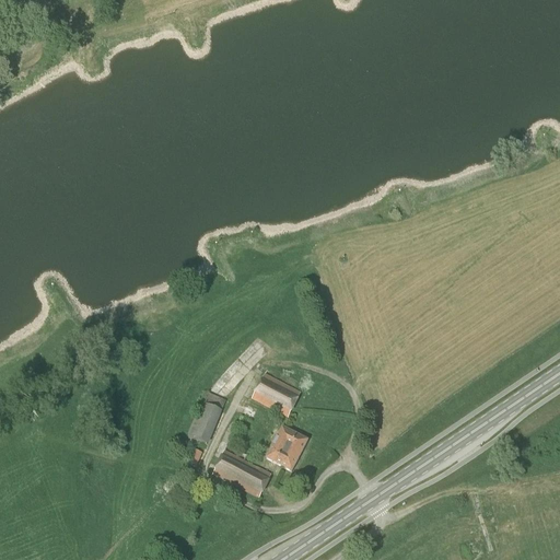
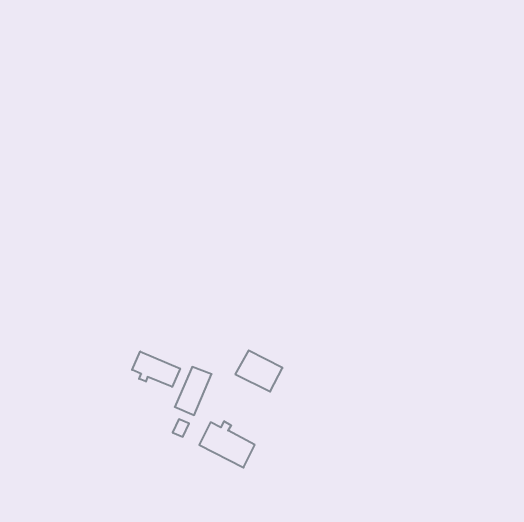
building: none -> [132,351,180,387]
building: [266,425,308,470] -> none

